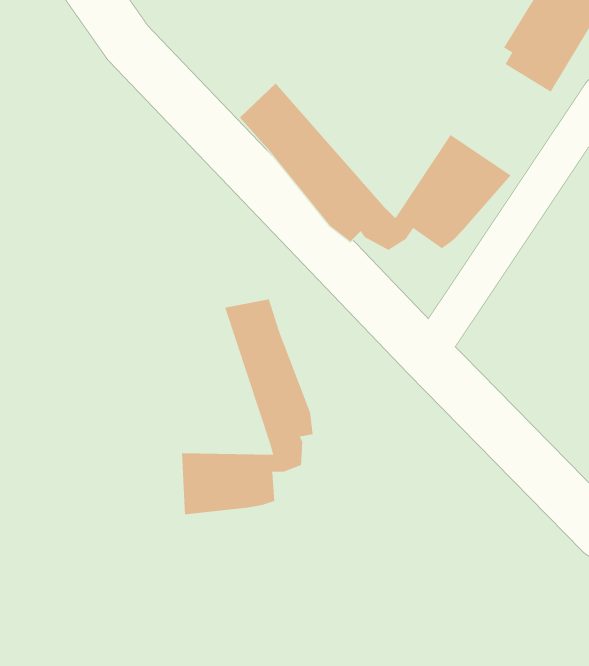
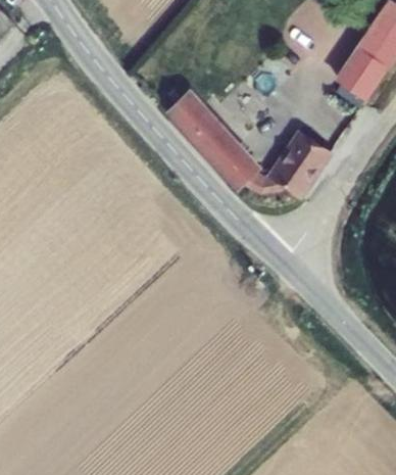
building: [182,298,313,515] -> none

